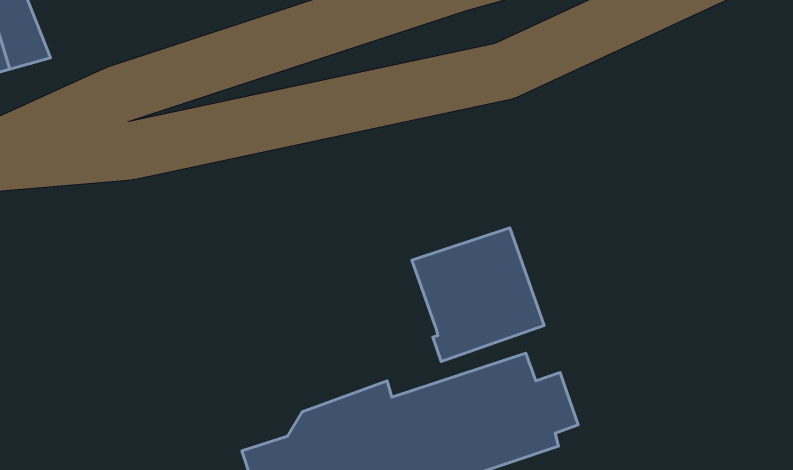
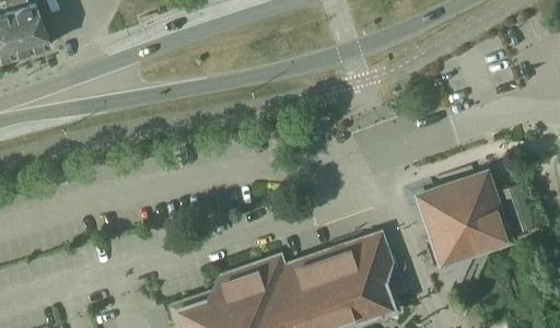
building: [412,228,544,361] -> [418,173,506,262]

